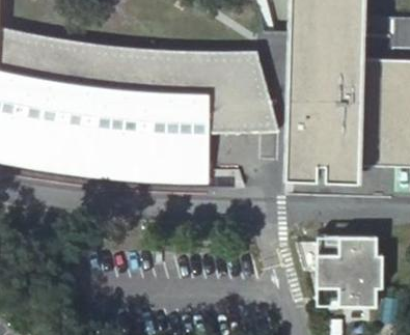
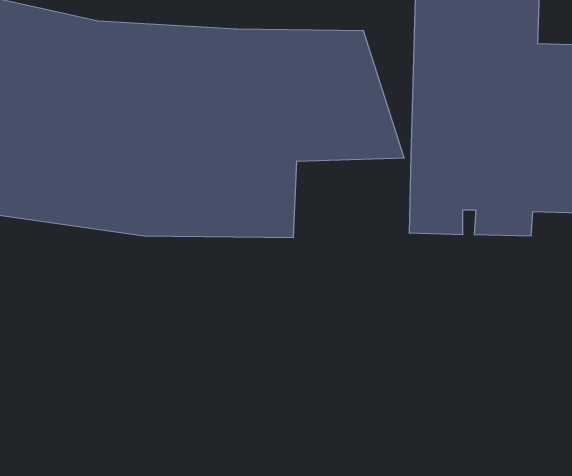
building: [316,235,382,306] -> none

